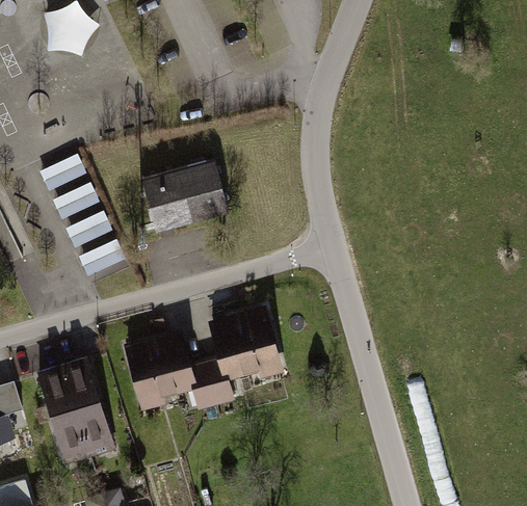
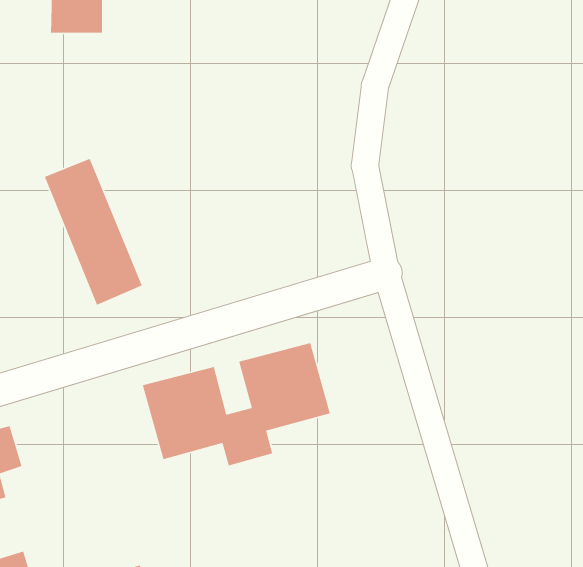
building: [142,157,225,231] -> none
building: [41,362,115,467] -> none

